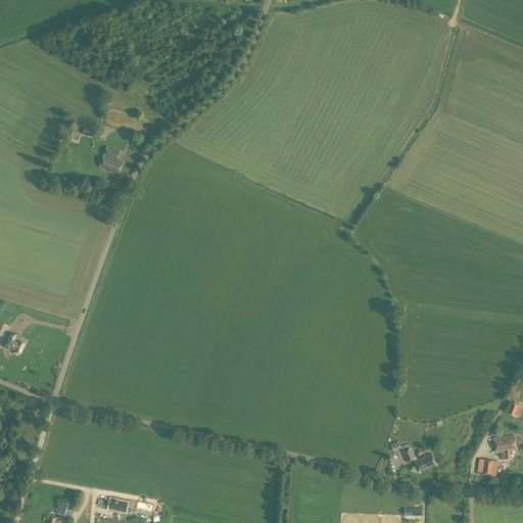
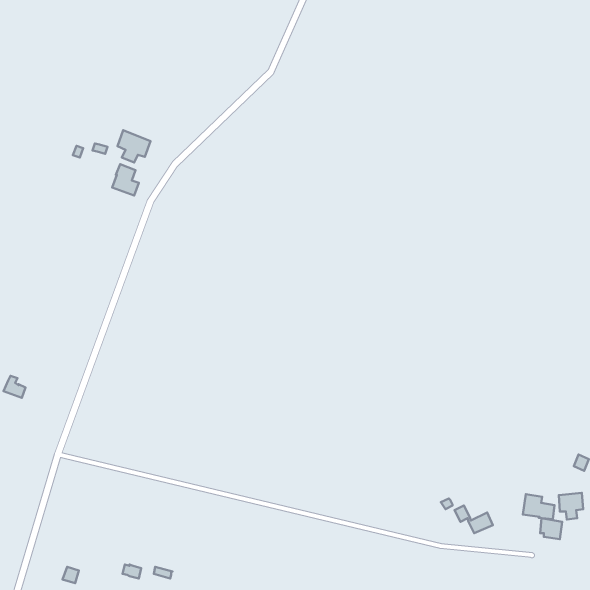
building: none -> [117,130,151,162]
building: none -> [523,494,554,519]

